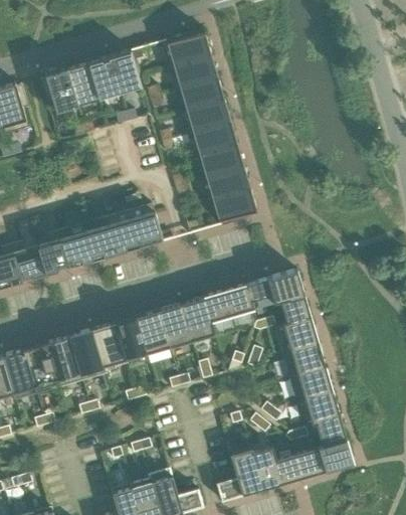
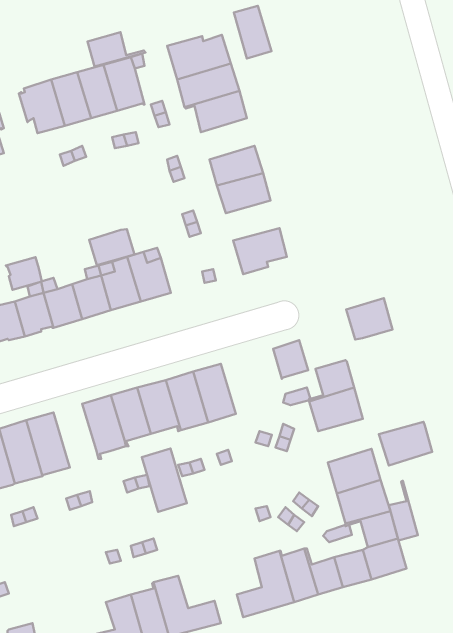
building: none -> [234,6,272,59]
building: none -> [88,32,145,67]
building: [186,99,229,132] -> none
building: [206,165,249,197] -> none
building: none -> [89,229,135,265]
building: none -> [6,257,42,290]
building: [265,269,302,302] -> [346,298,392,339]
building: [202,285,251,337] -> none
building: [67,329,104,380] -> [142,448,187,512]
building: [280,341,324,376] -> [379,422,432,465]
building: none -> [389,481,418,540]

